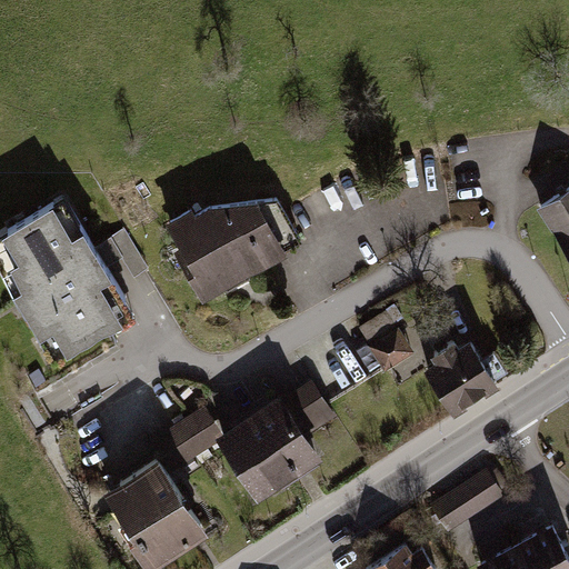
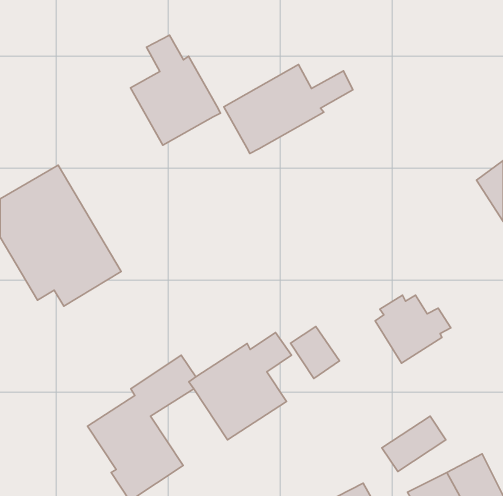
building: none -> [130,35,220,145]
building: none -> [224,64,353,154]
building: [169,198,291,303] -> none
building: [359,317,415,376] -> [290,326,340,379]

